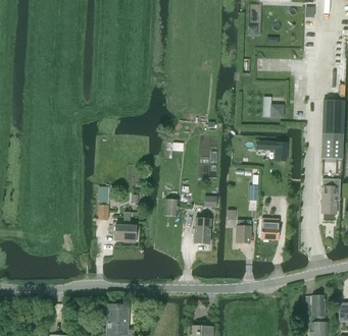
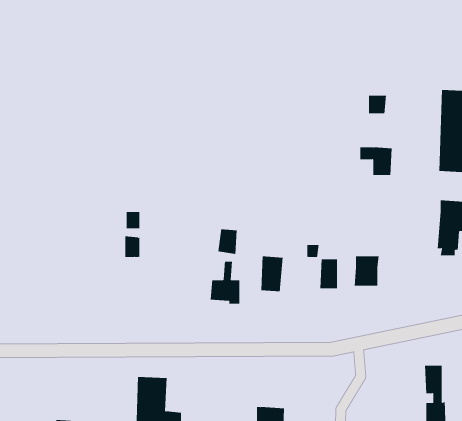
building: [114,212,136,242] -> [210,261,240,304]

